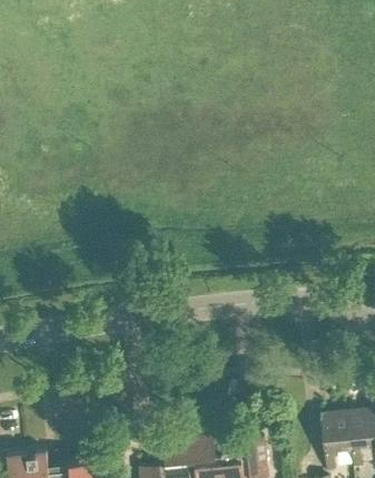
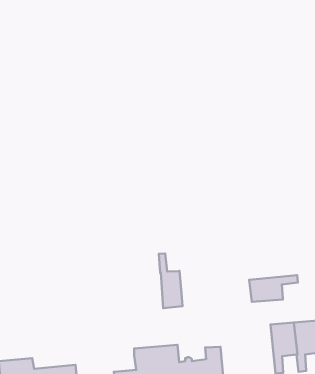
building: none -> [159,254,183,308]
building: none -> [249,275,298,302]

